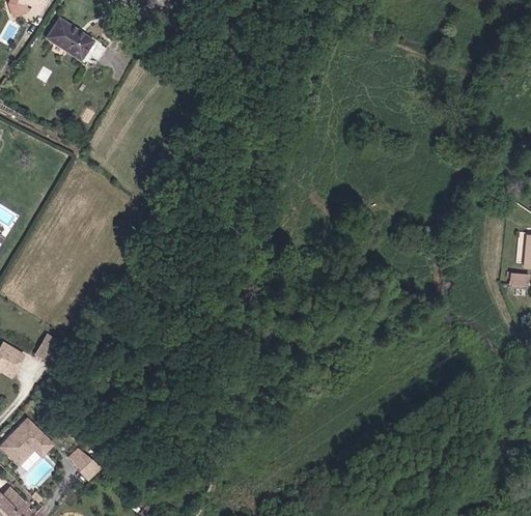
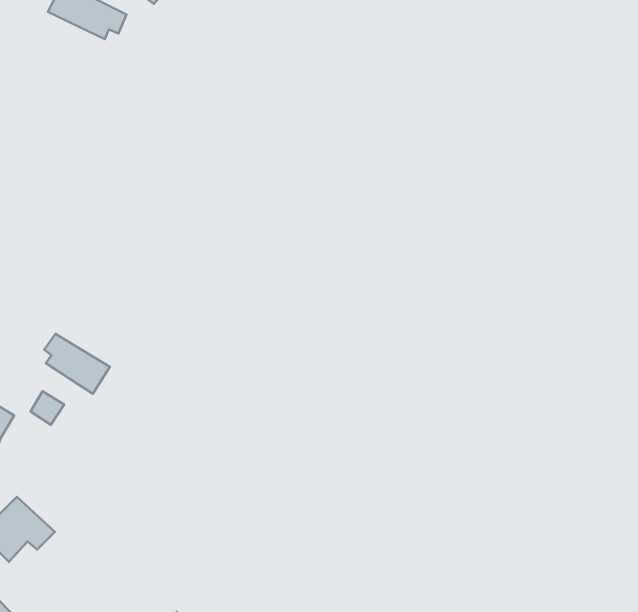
building: none -> [44,334,110,394]
building: [65,447,102,480] -> none

